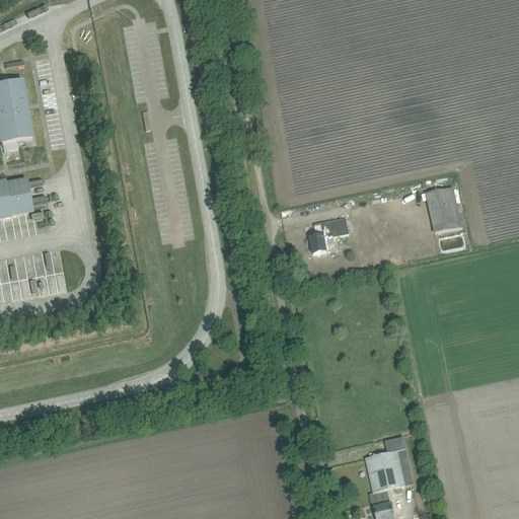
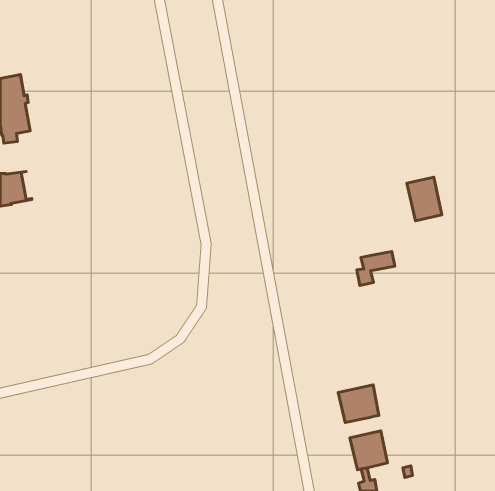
building: [310,217,350,252] -> [357,252,395,285]
building: none -> [338,385,379,423]

